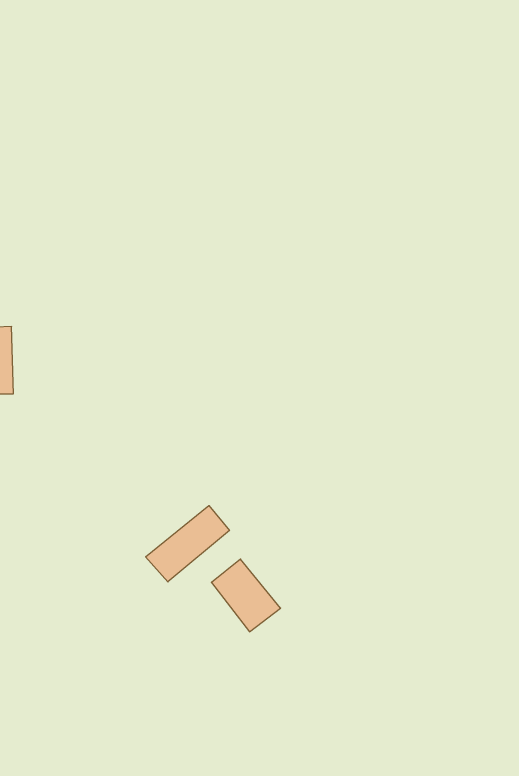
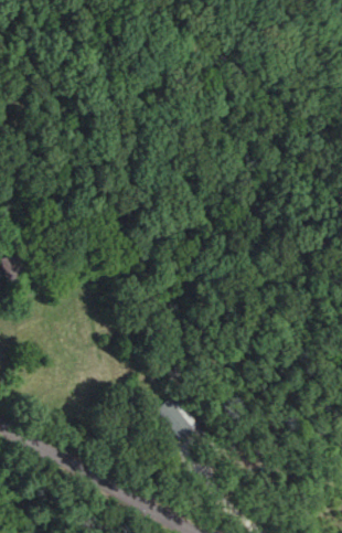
building: [146,506,229,582] -> none

